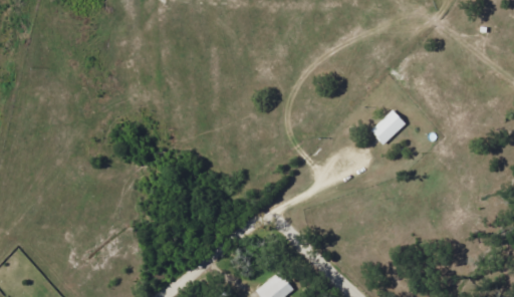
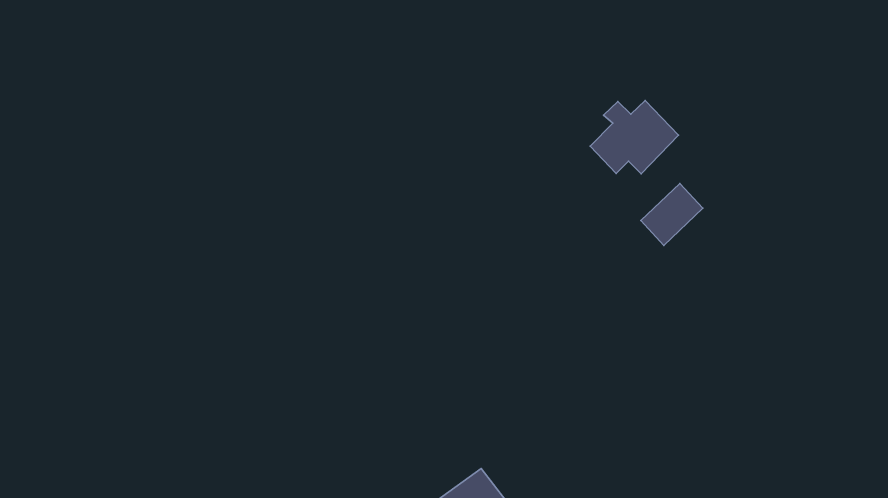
building: none -> [590,100,678,174]

